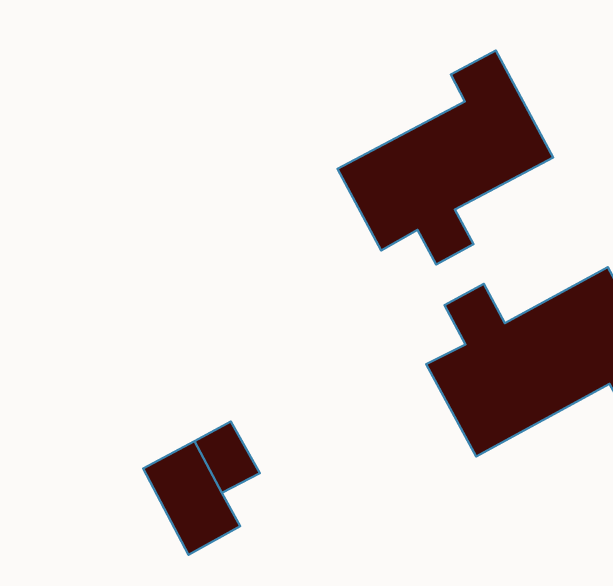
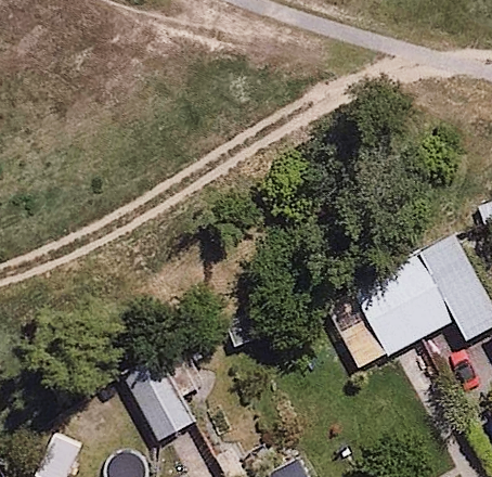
building: [338,51,553,264] -> none

